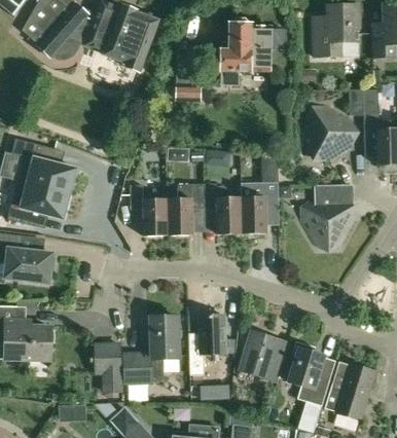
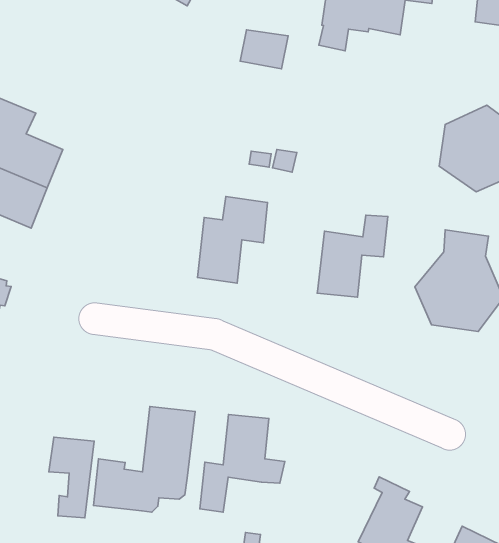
building: [204,182,242,233] -> none
building: [130,184,168,235] -> none
building: [237,332,284,380] -> none

